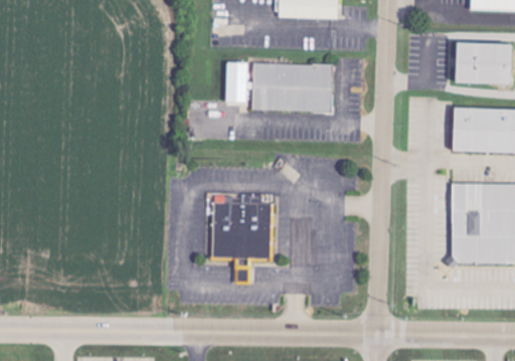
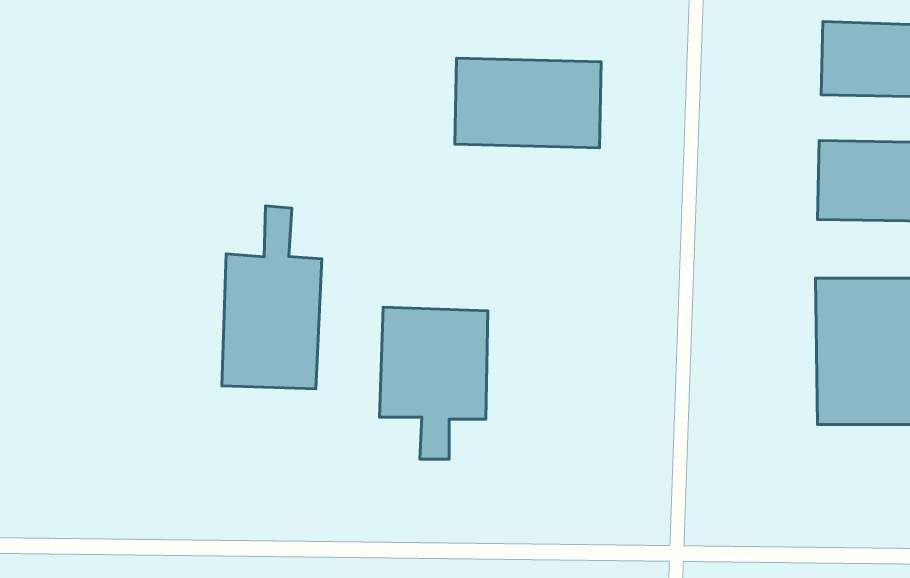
building: [226,61,248,104] -> none
building: none -> [222,206,322,389]

